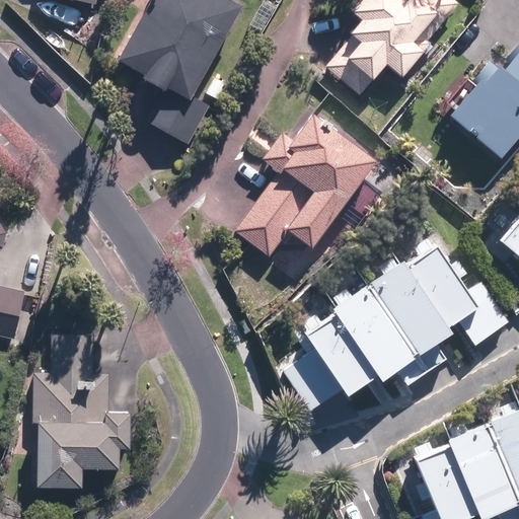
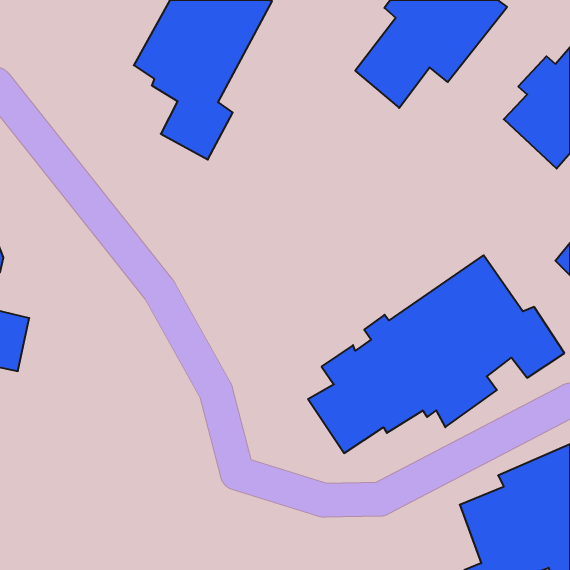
building: [233,104,379,256] -> none
building: [28,331,134,491] -> none

